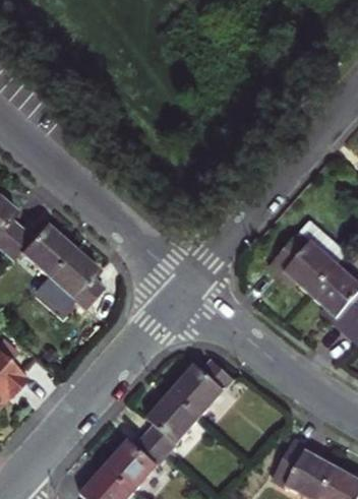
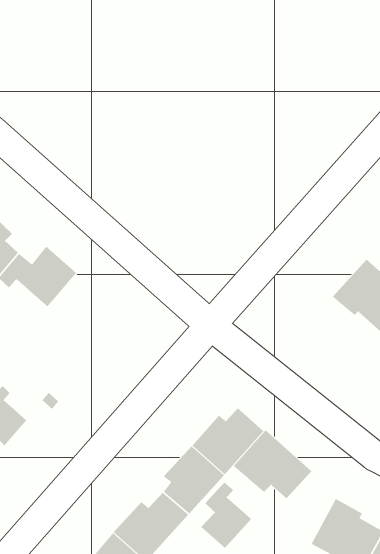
building: [33,246,102,312] -> none
building: none -> [233,430,312,499]
building: none -> [200,482,252,549]

